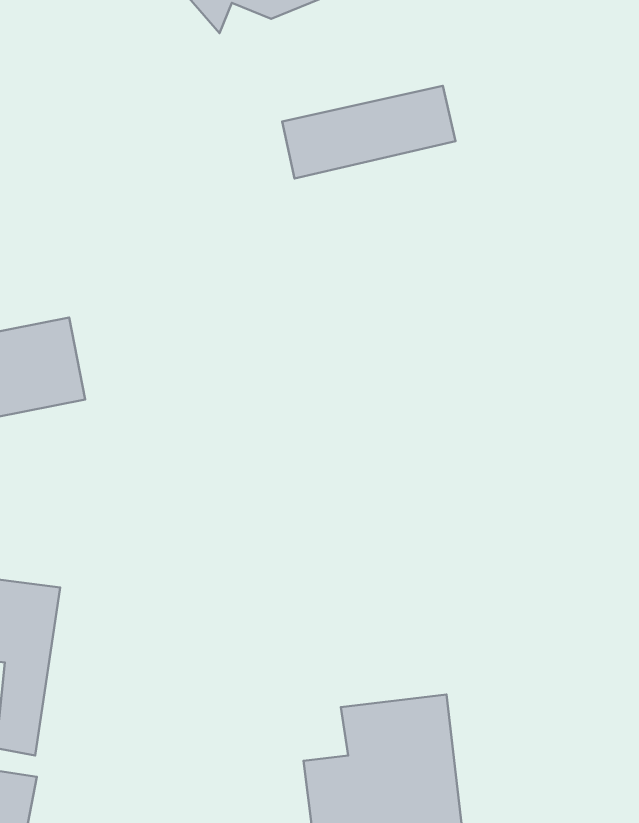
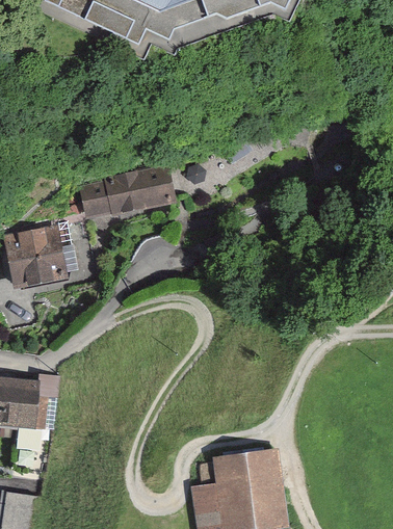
building: [282,86,456,179] -> [82,165,183,219]

